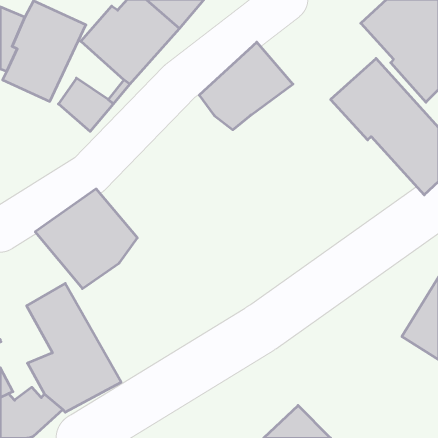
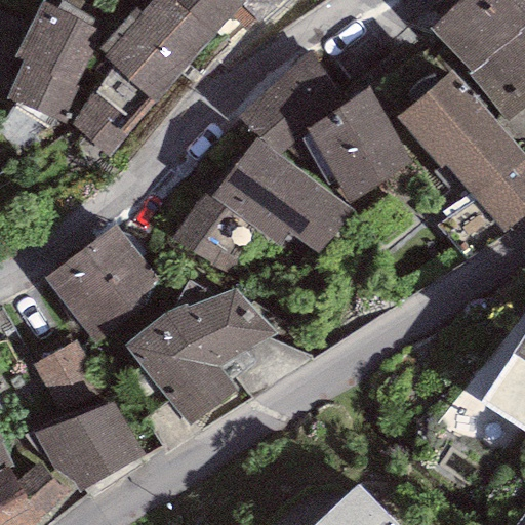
building: none -> [300,87,414,202]
building: none -> [169,137,357,274]
building: none -> [125,281,279,425]

